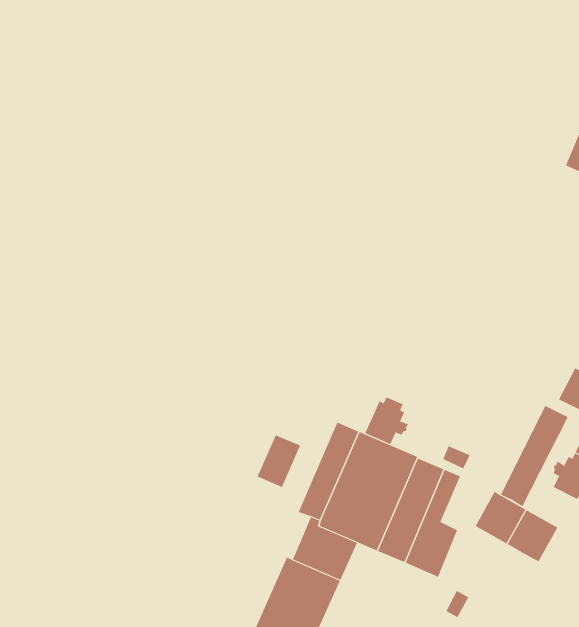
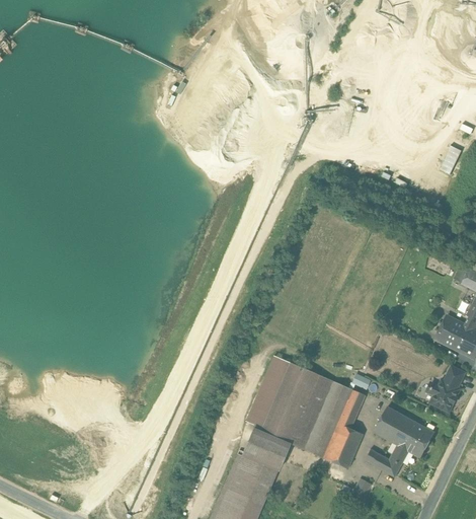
building: [364,396,409,445] -> none
building: [500,405,568,507] -> none
building: [257,434,301,488] -> none
building: none -> [364,445,409,477]

